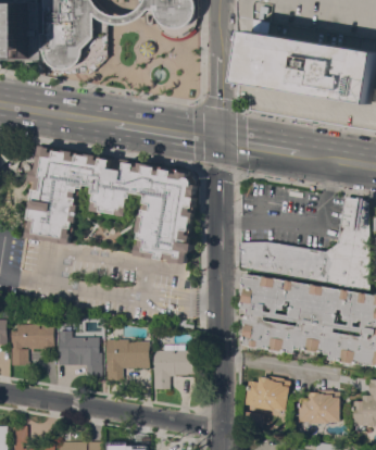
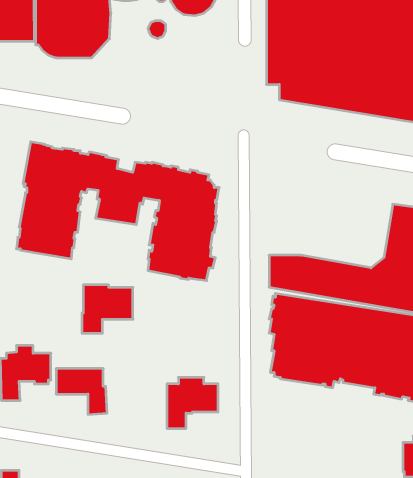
building: [104,339,148,380] -> [82,285,133,333]
building: [243,376,290,411] -> none
building: [298,390,340,424] -> none

